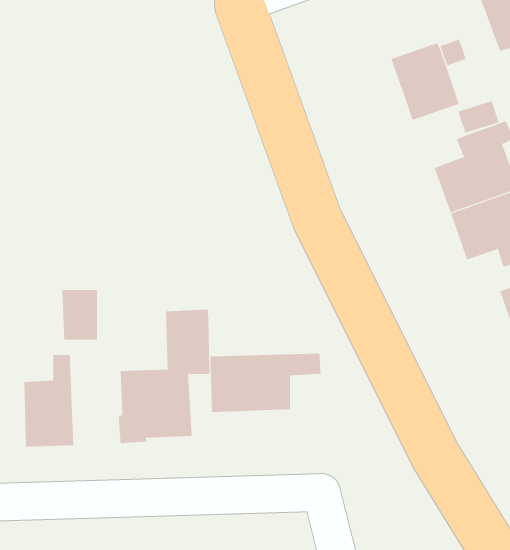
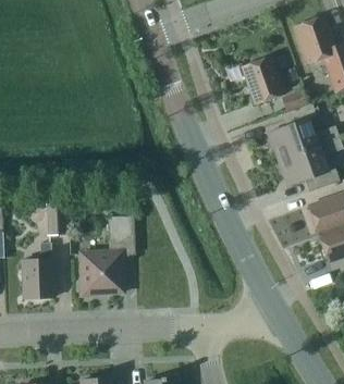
building: [210,353,321,413] -> none

